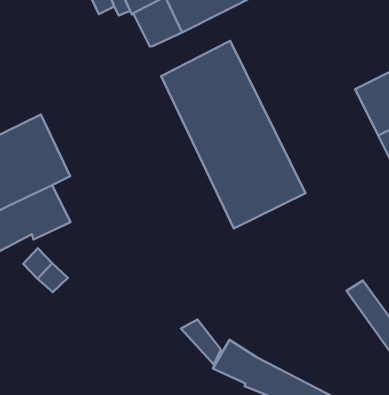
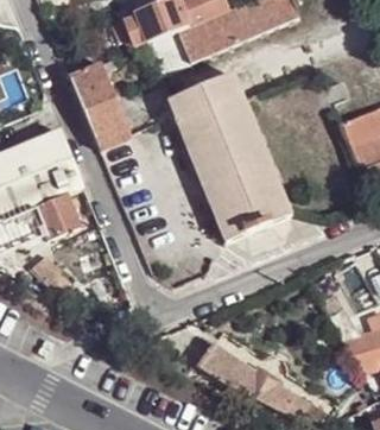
building: none -> [69,61,132,148]

